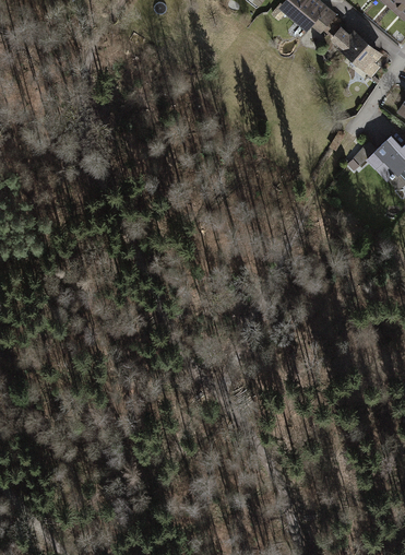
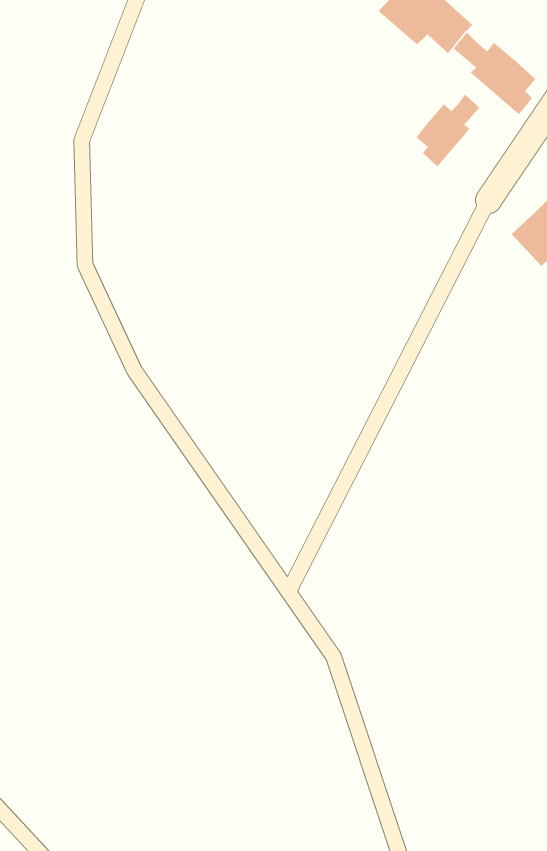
building: none -> [416,94,480,167]

